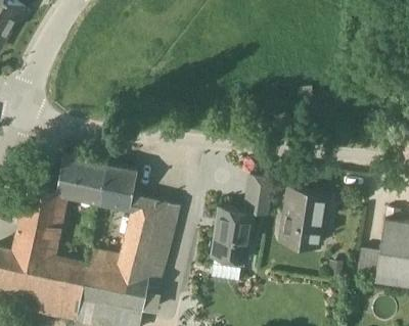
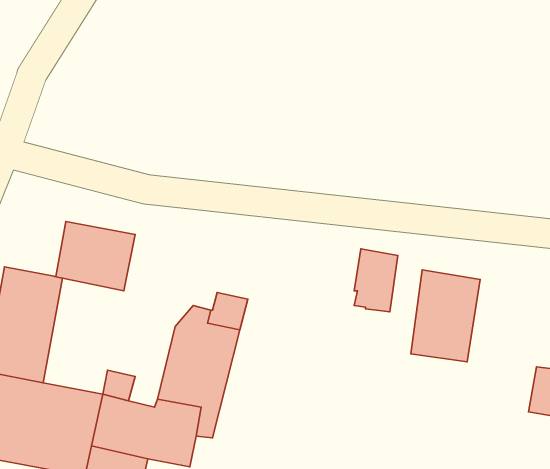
building: [100,166,137,207] -> none
building: [213,206,254,261] -> none

